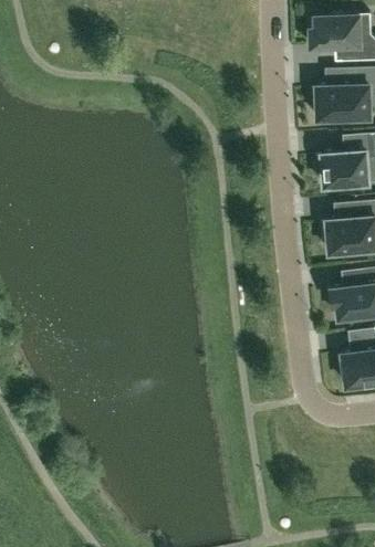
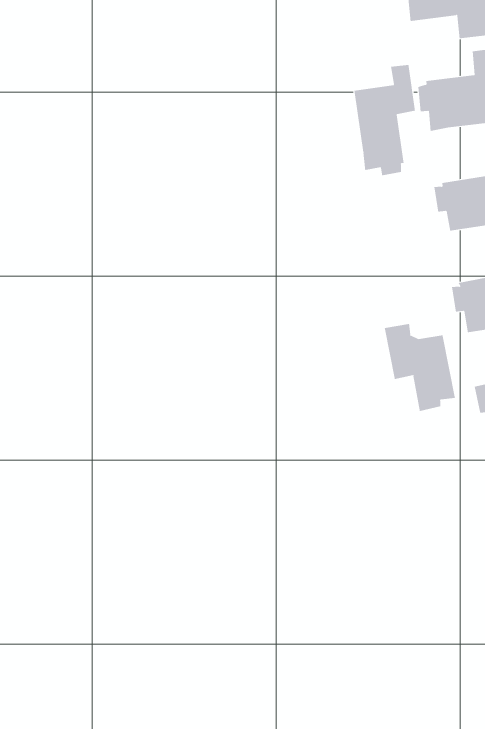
building: none -> [354,64,416,176]
building: none -> [384,323,456,412]

